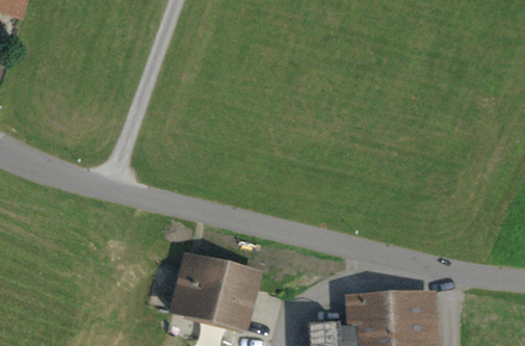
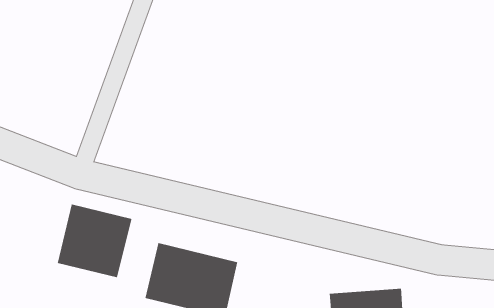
building: none -> [57,204,133,278]

